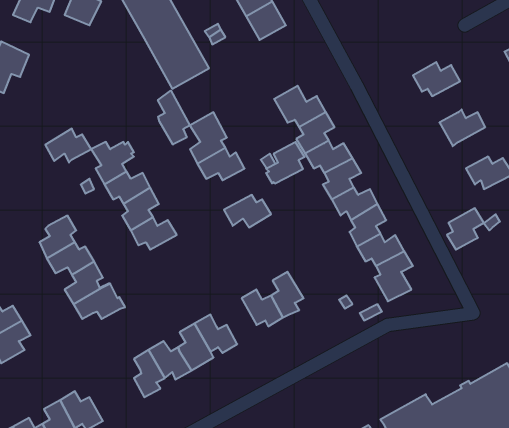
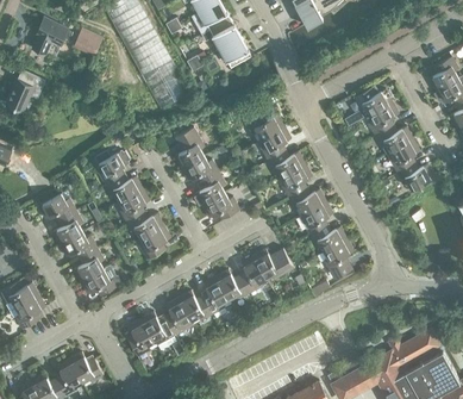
building: none -> [368,104,399,137]
building: [158,91,190,145] -> none
building: [45,129,91,163] -> [38,195,75,223]
building: [266,142,305,183] -> [194,174,225,207]
building: [447,208,484,250] -> [389,141,419,174]
building: none -> [139,227,170,262]
building: none -> [252,250,294,280]
building: none -> [201,279,227,316]

